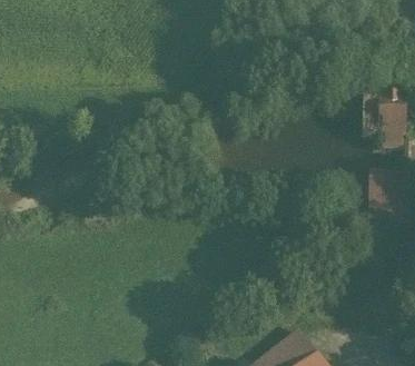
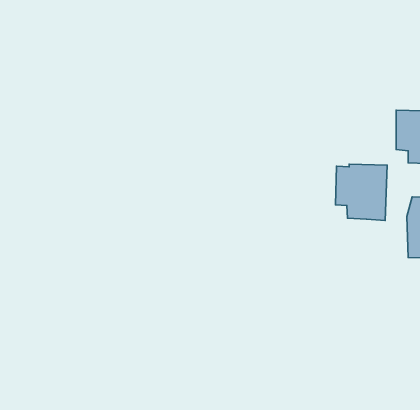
building: none -> [336,164,387,220]

